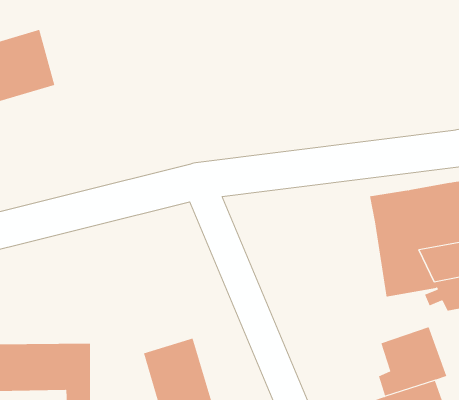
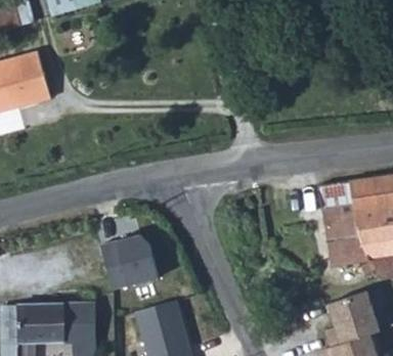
building: none -> [100,234,151,294]

